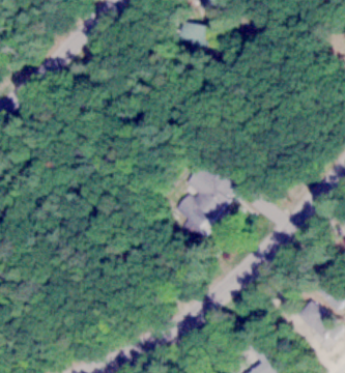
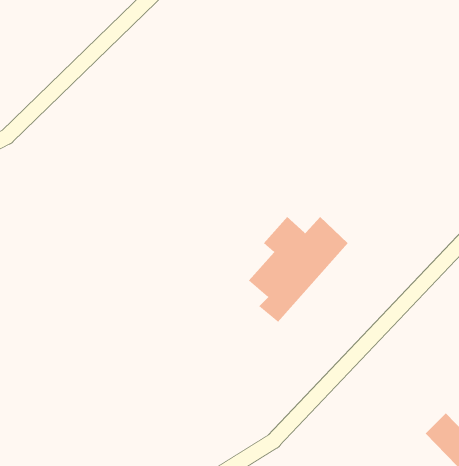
building: [179,25,205,42] -> none

